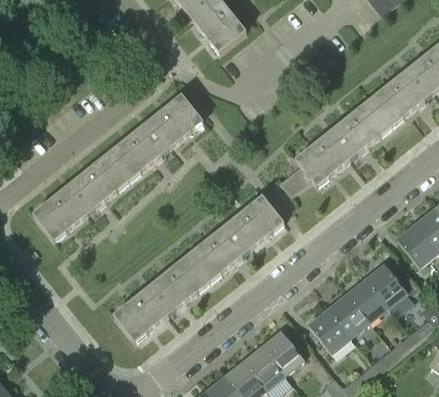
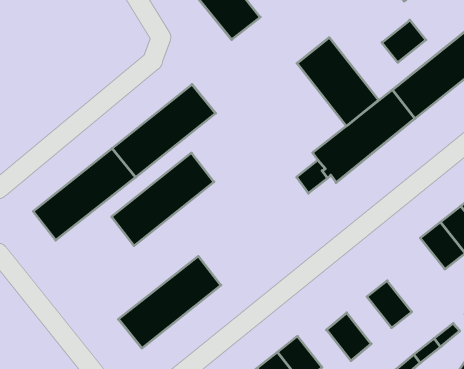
building: none -> [382,20,426,62]
building: none -> [297,38,378,126]
building: [188,196,284,283] -> [112,153,214,246]
building: [365,260,419,308] -> none
building: [327,294,369,338] -> none

